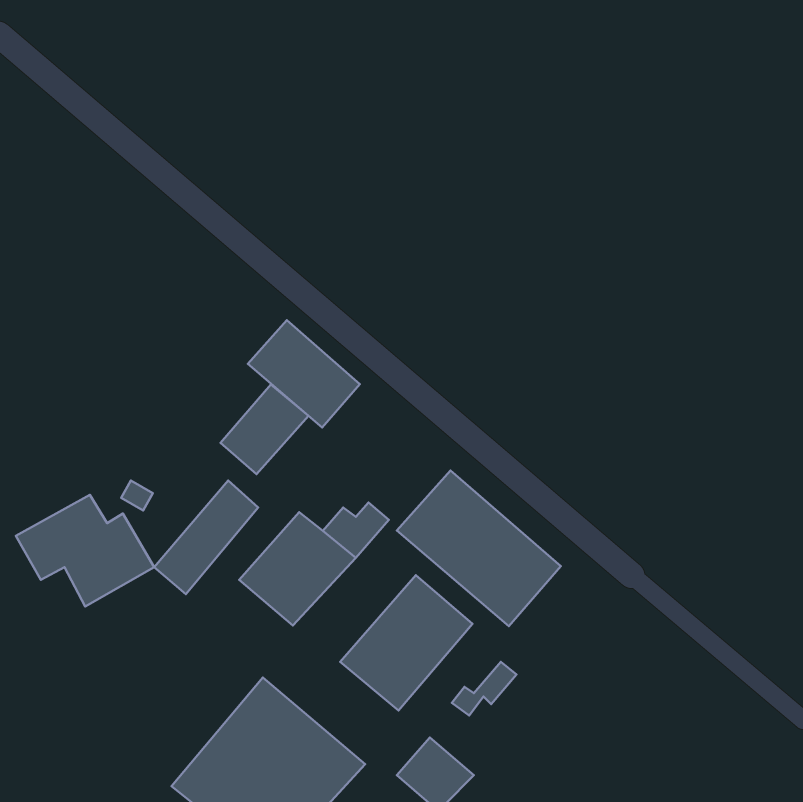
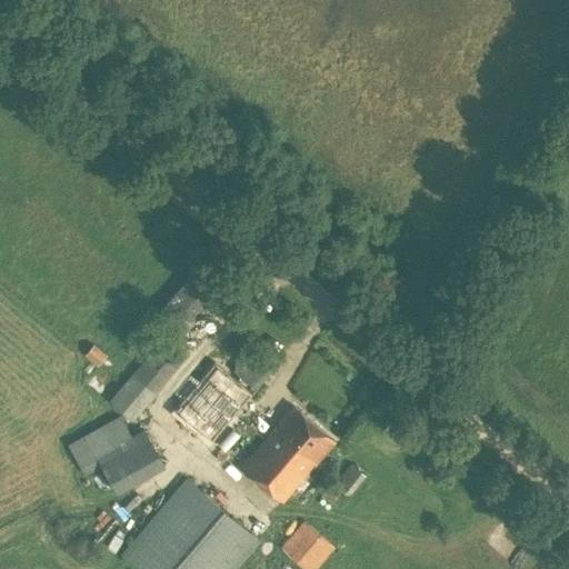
building: [248,320,360,428] -> none
building: [397,470,561,626] -> none
building: [16,495,154,607] -> [67,417,164,496]

